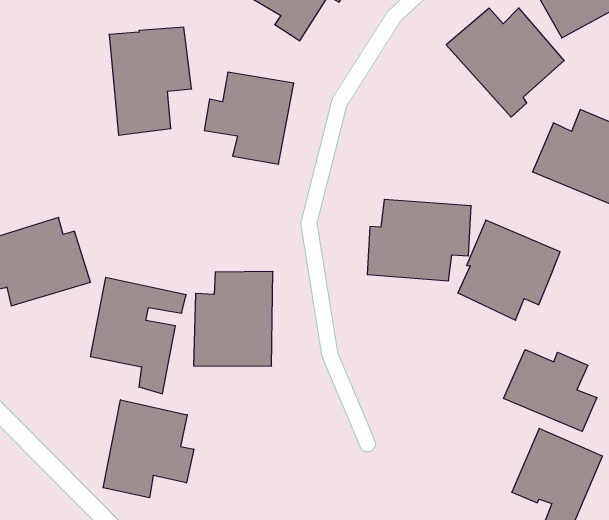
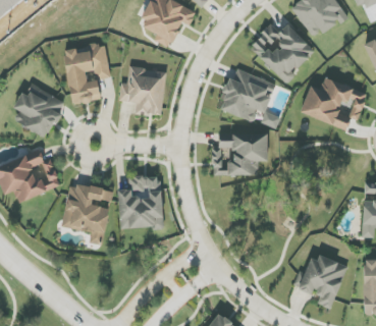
building: none -> [13,83,66,138]
building: [458,220,560,320] -> [221,67,276,121]
building: [503,350,597,431] -> none
building: [103,400,194,498] -> none

